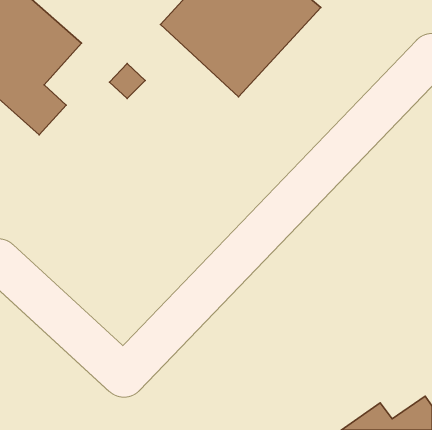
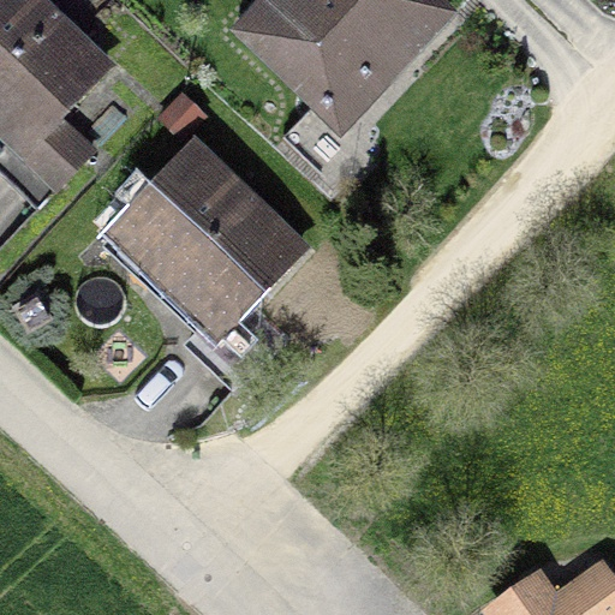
building: none -> [101,137,310,344]

